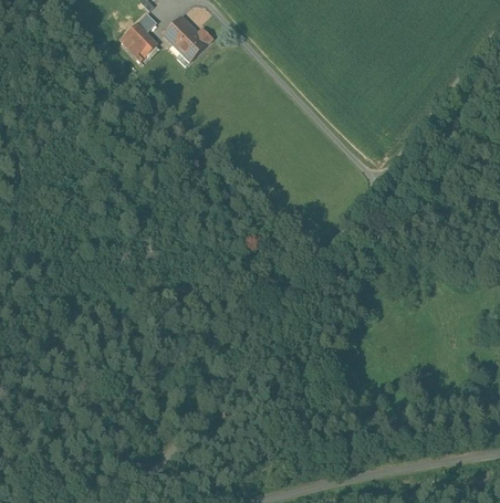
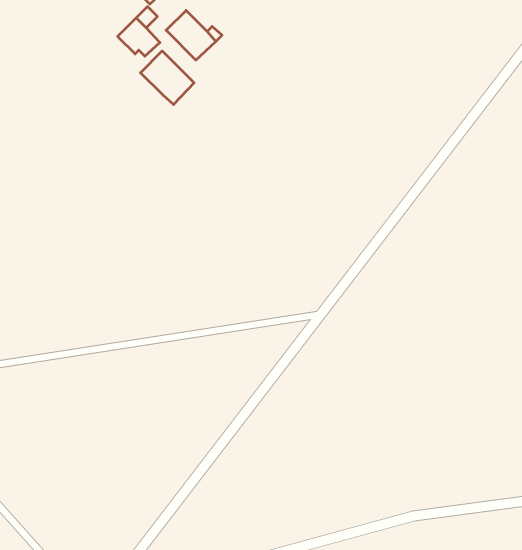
building: none -> [140,51,194,105]

